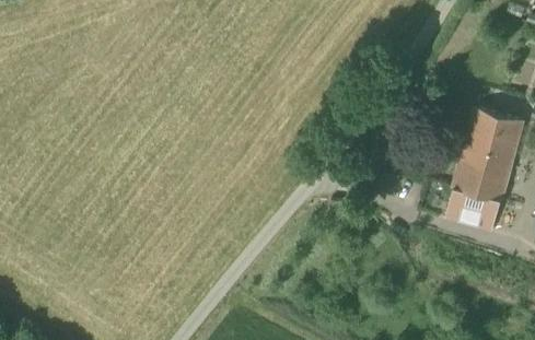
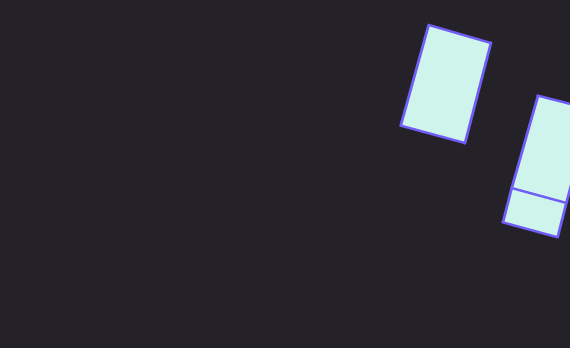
building: none -> [401,25,491,143]

